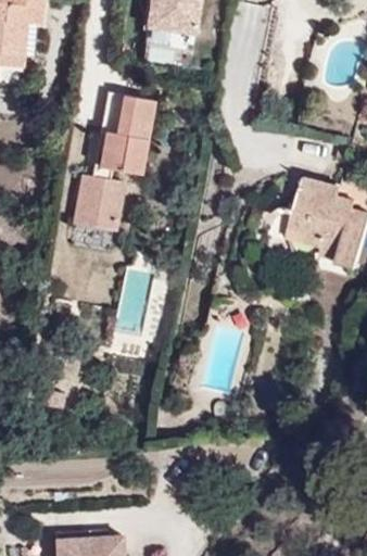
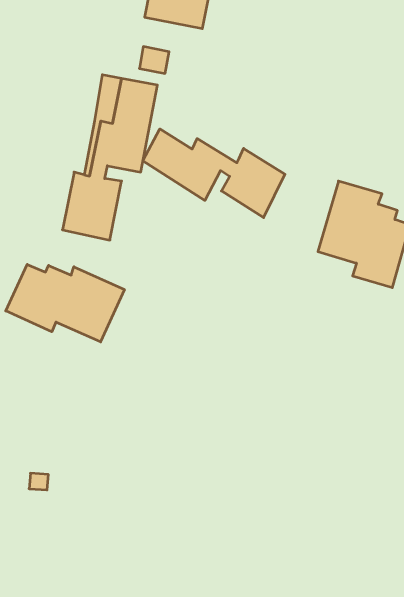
building: none -> [143,129,285,218]
building: none -> [6,264,124,342]

